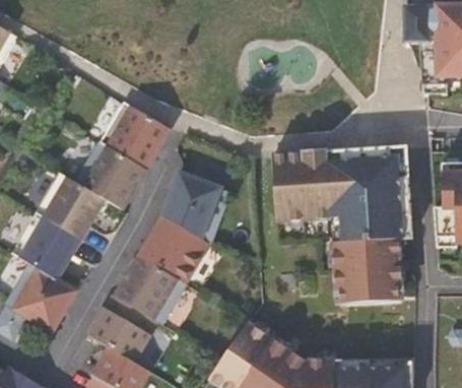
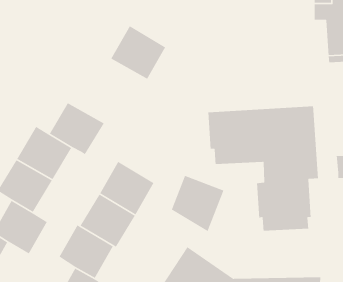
building: [100,100,170,168] -> [110,25,166,80]
building: [162,171,229,242] -> [171,175,225,232]

